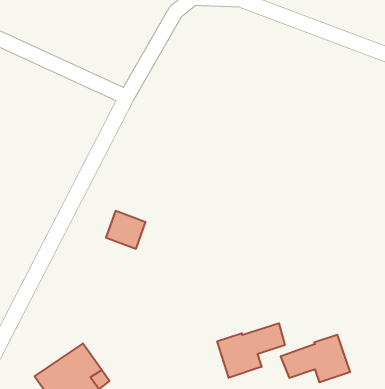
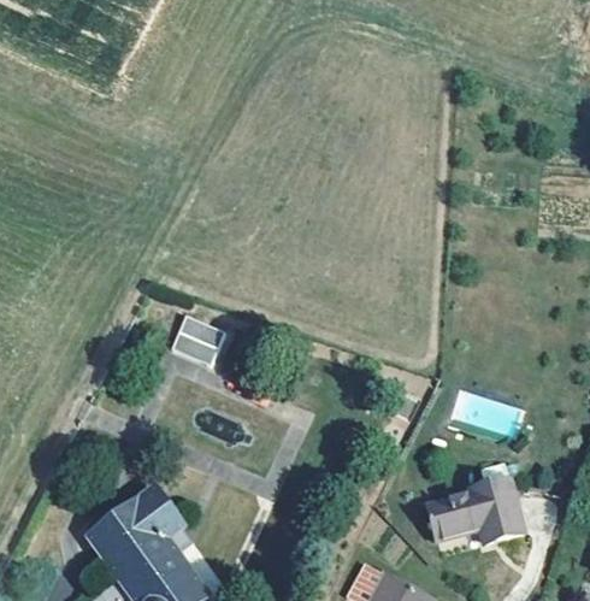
building: [217,323,285,378] -> none

